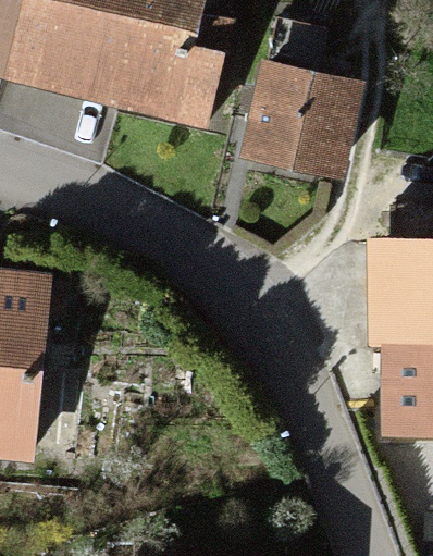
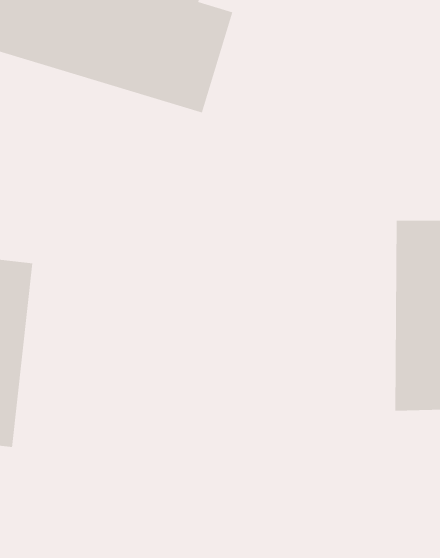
building: [245,58,357,171] -> none

